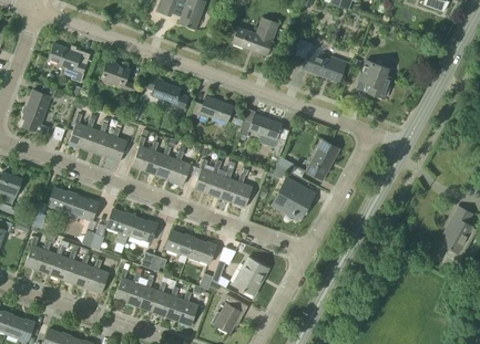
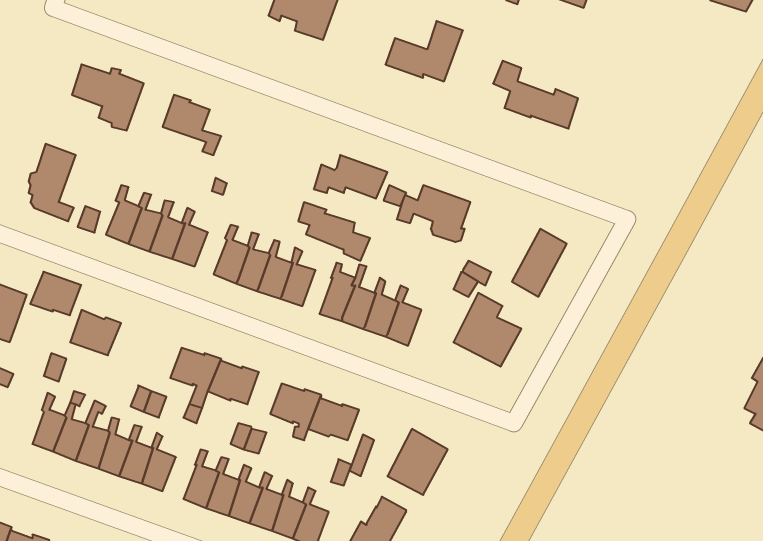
building: [358,61,394,98] -> none
building: [147,76,190,111] -> [298,202,370,261]
building: [70,195,100,220] -> [30,272,81,315]

